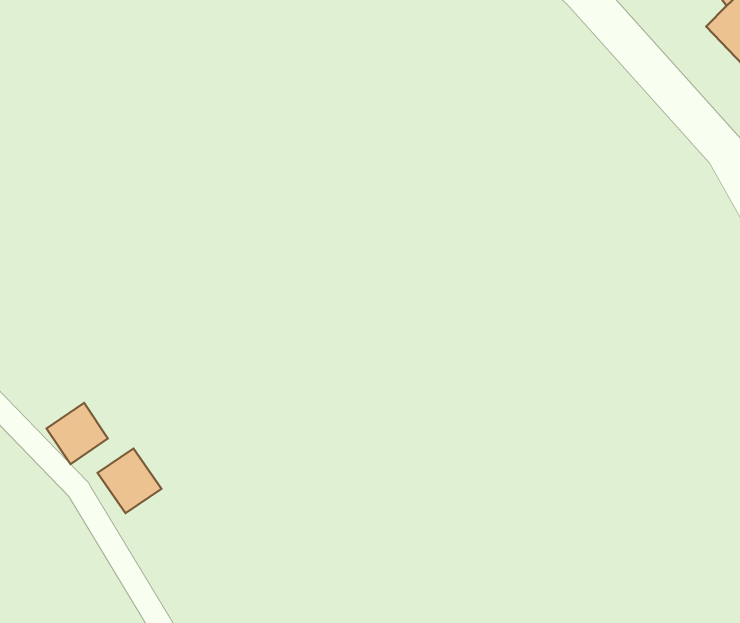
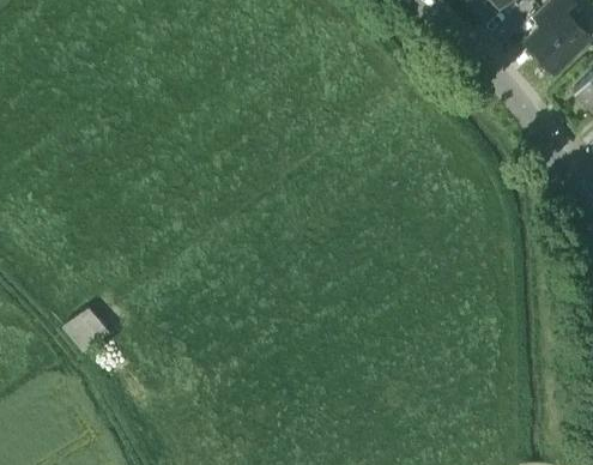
building: [97,448,161,513] -> none

